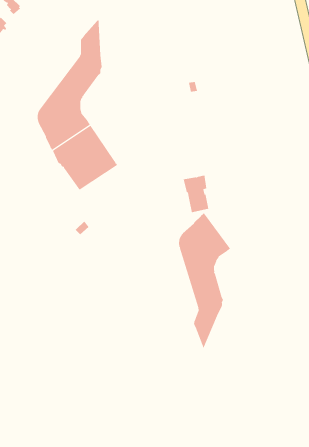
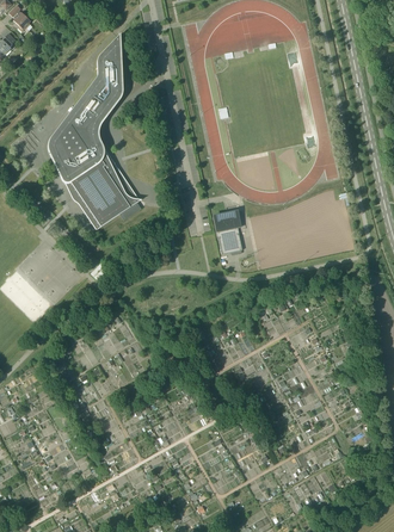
building: [178,213,231,349] -> none

